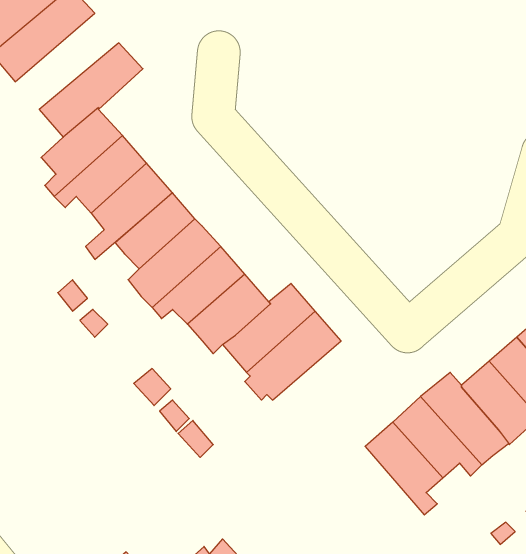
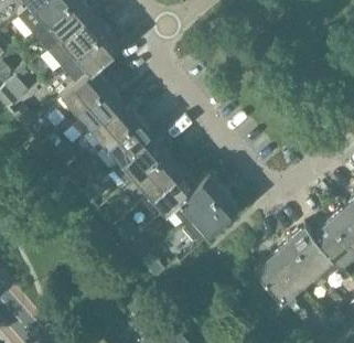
building: none -> [46,11,108,68]

